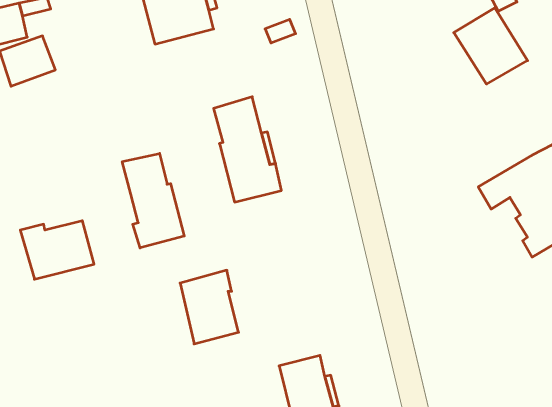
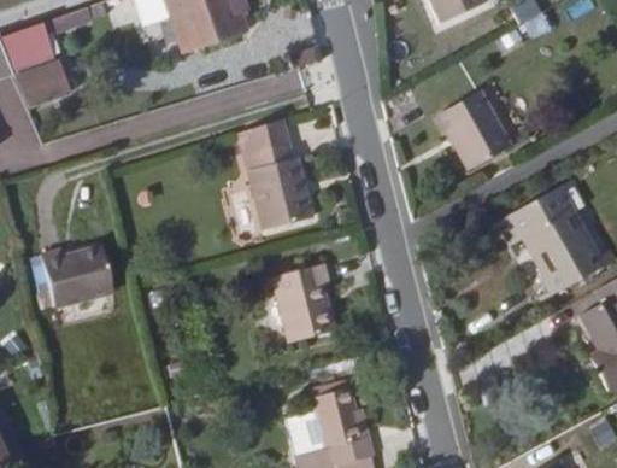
building: [454,8,528,84] -> [446,83,522,162]
building: [122,153,184,248] -> none
building: [180,270,239,344] -> [270,268,330,344]

